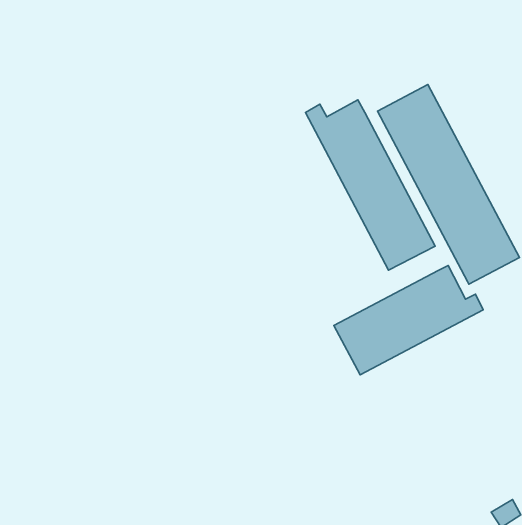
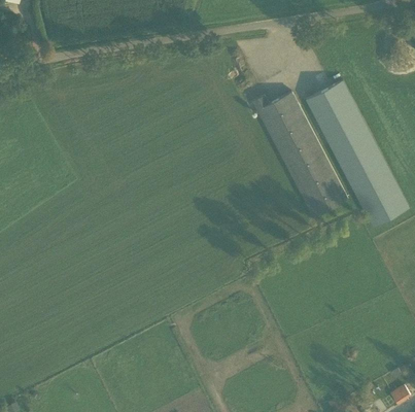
building: [334,266,483,375] -> none

